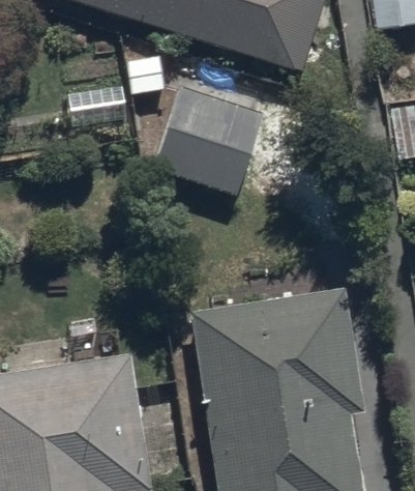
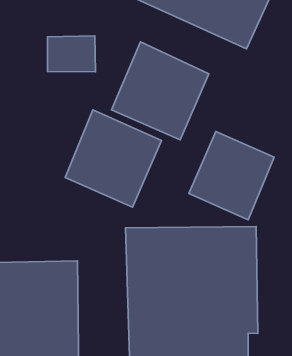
building: none -> [65,110,162,207]
building: none -> [189,132,274,220]

